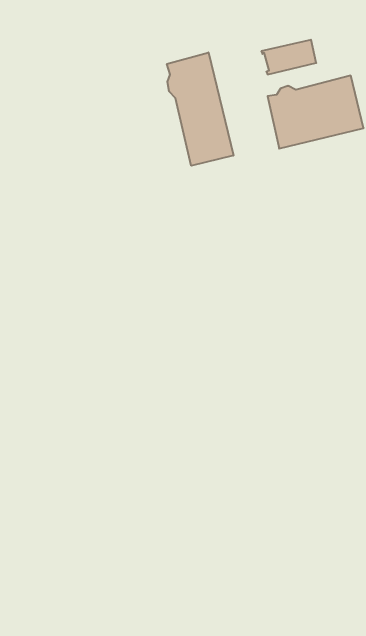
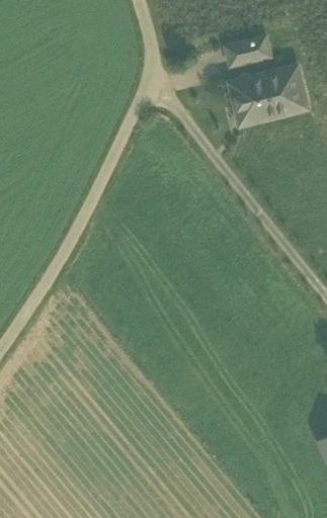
building: [167,52,233,166] -> none

